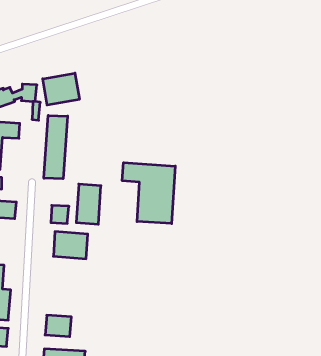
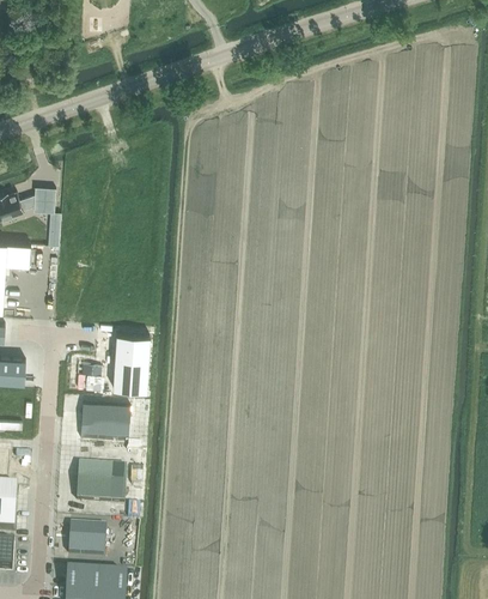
building: [43,73,79,105] -> none
building: [44,115,68,179] -> none
building: [122,163,175,224] -> none
building: none -> [77,464,127,502]

